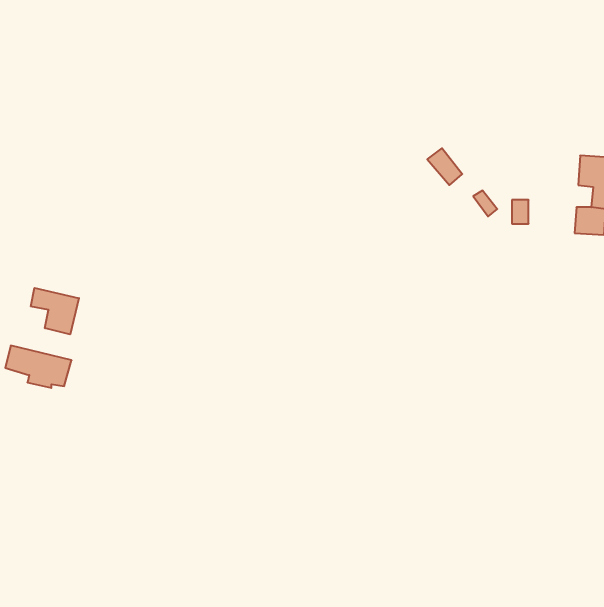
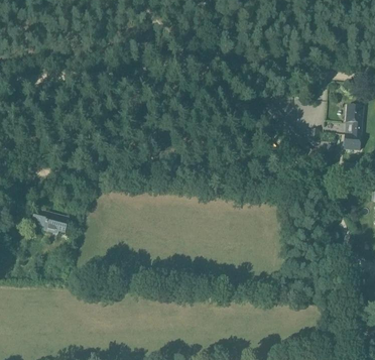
building: [31,288,79,334] -> none

